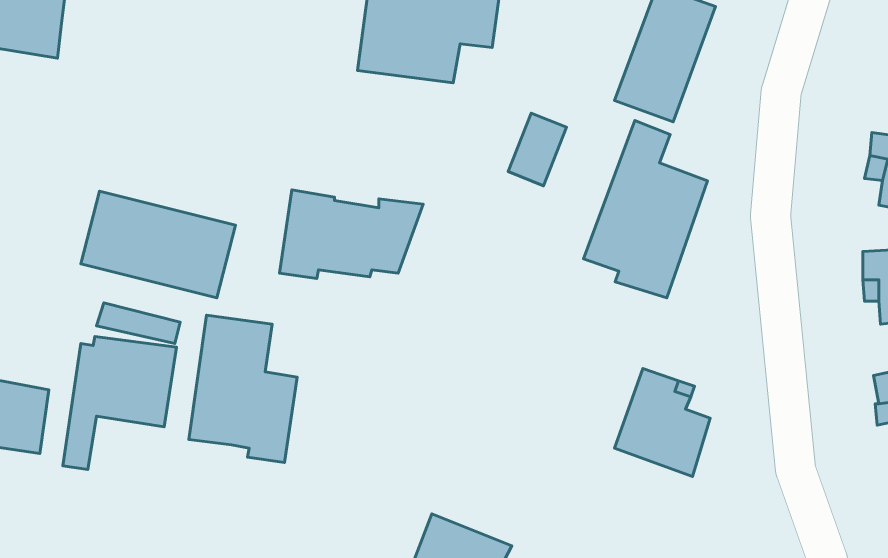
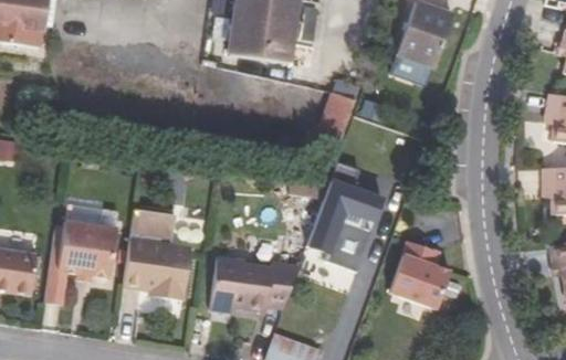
building: [583,120,708,298] -> [304,161,381,272]
building: [279,190,423,279] -> [210,255,300,310]
building: [81,191,235,298] -> none

